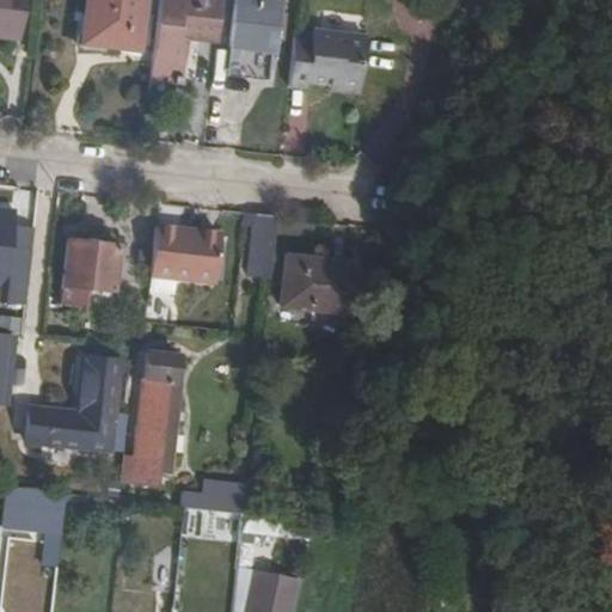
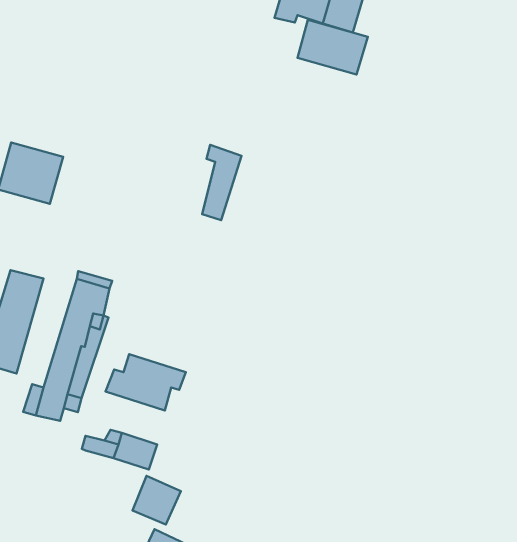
building: none -> [297,20,368,74]
building: [151,227,221,281] -> none
building: [282,261,356,318] -> none
building: none -> [105,354,186,411]

